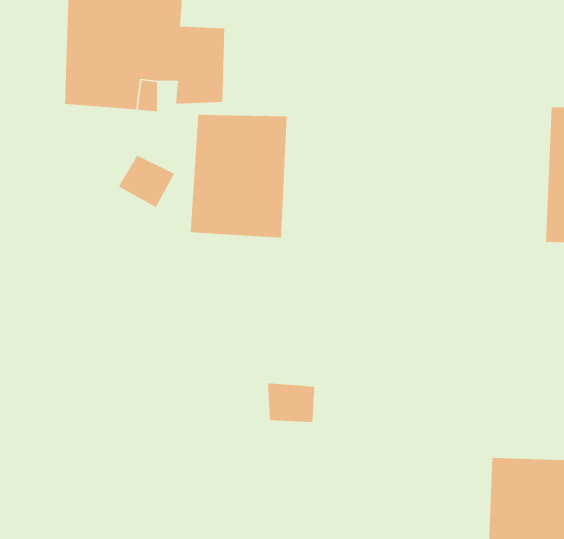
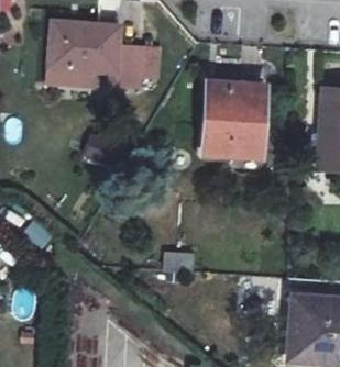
building: [190,114,288,239] -> [205,87,261,158]

